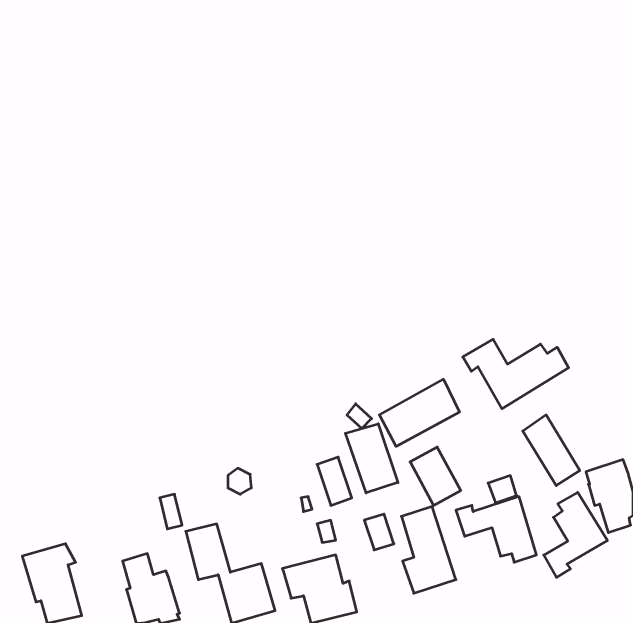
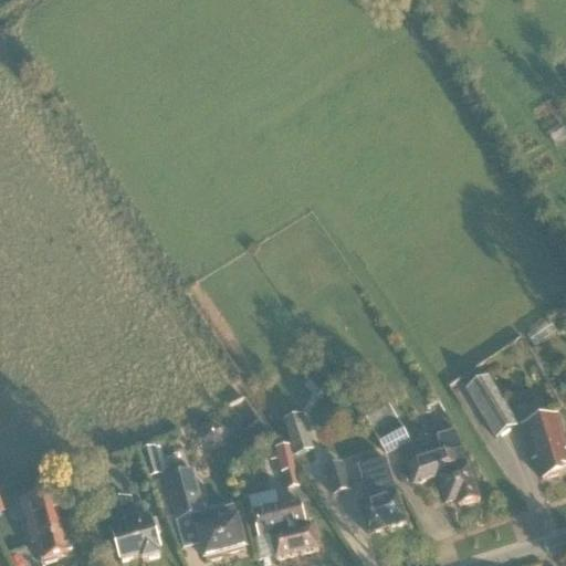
building: [463,339,569,409] -> none
building: [379,379,459,446] -> none
building: [345,424,398,493] -> none
building: [544,492,607,577] -> none

